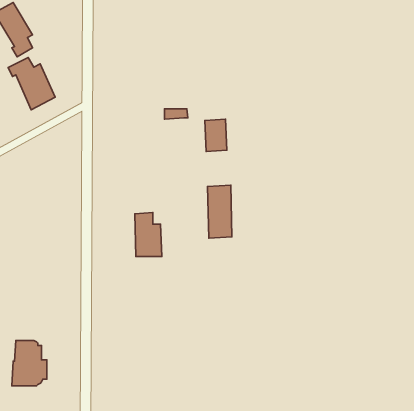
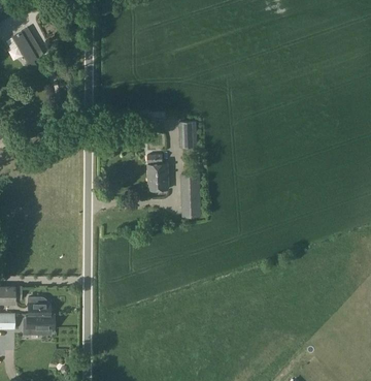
building: [8,57,55,110] -> none
building: [135,212,162,256] -> [147,155,169,190]

